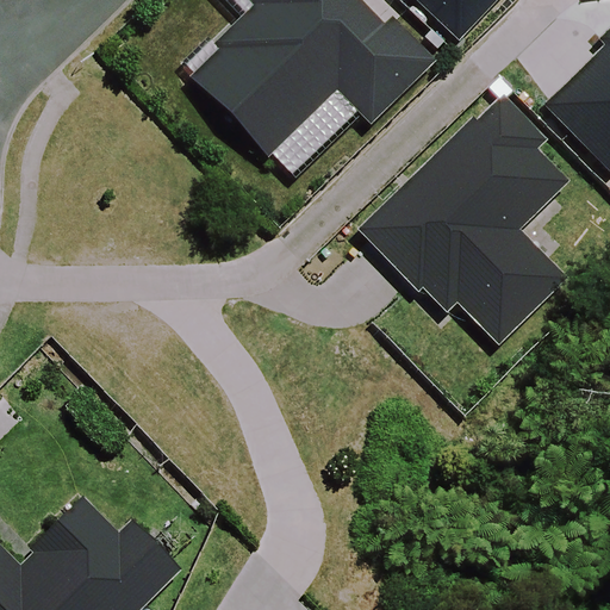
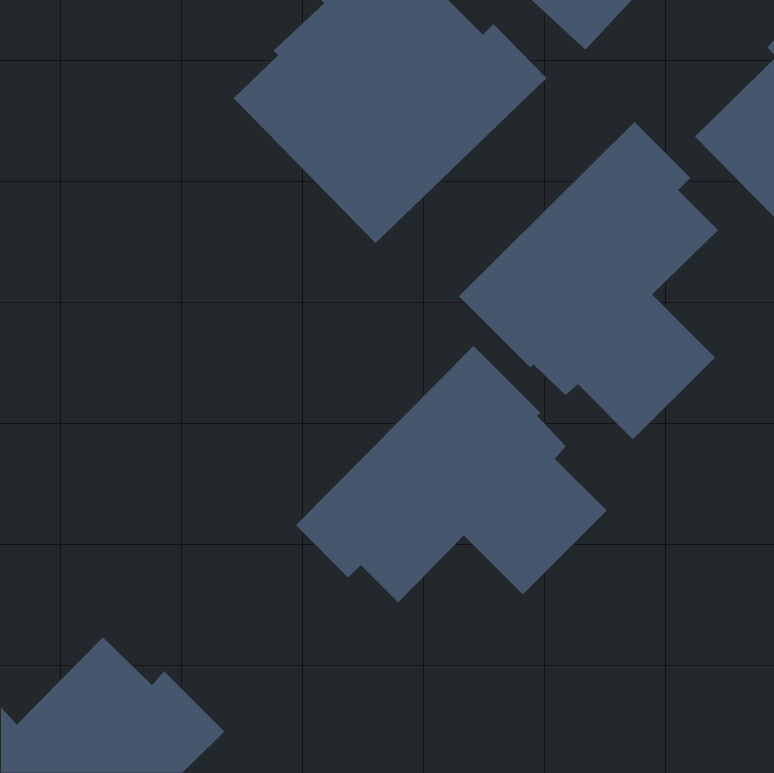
building: none -> [295,345,607,603]

